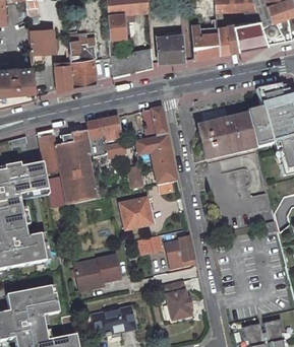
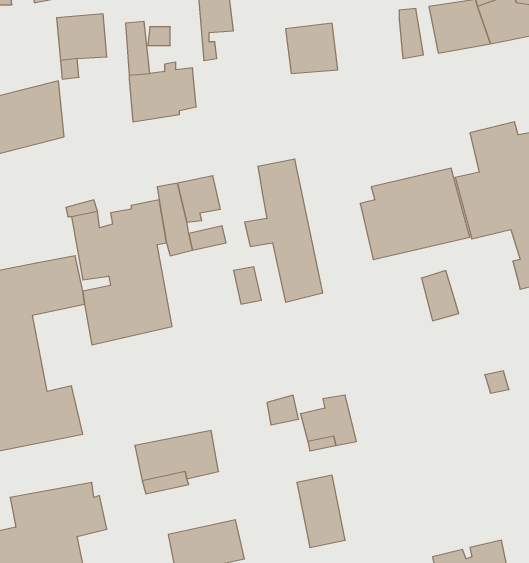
building: [193,31,221,58] -> none
building: [112,46,154,79] -> none
building: [56,64,73,90] -> none
building: [120,199,149,230] -> none

